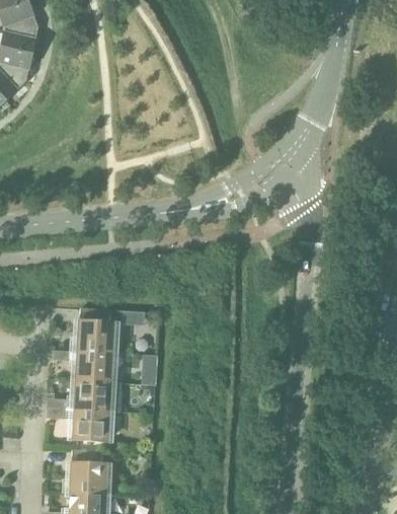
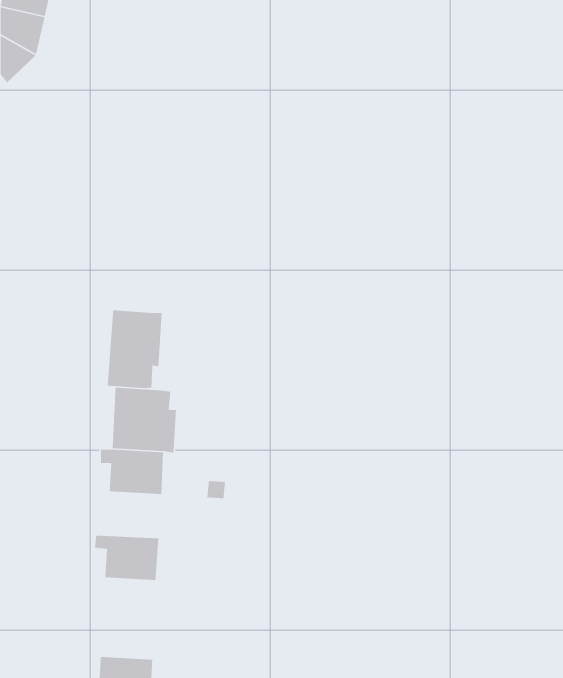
building: none -> [107,309,163,389]
building: [67,381,123,414] -> none
building: [70,451,107,496] -> none

